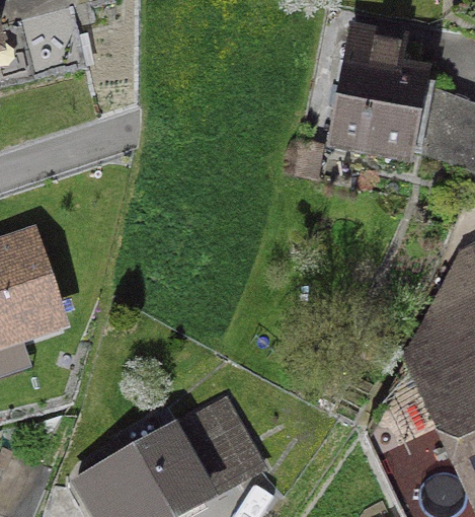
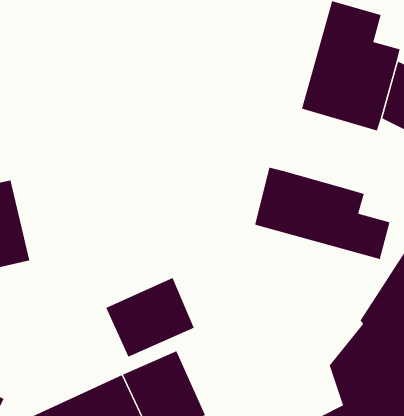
building: none -> [254,167,390,260]
building: none -> [106,277,194,358]

